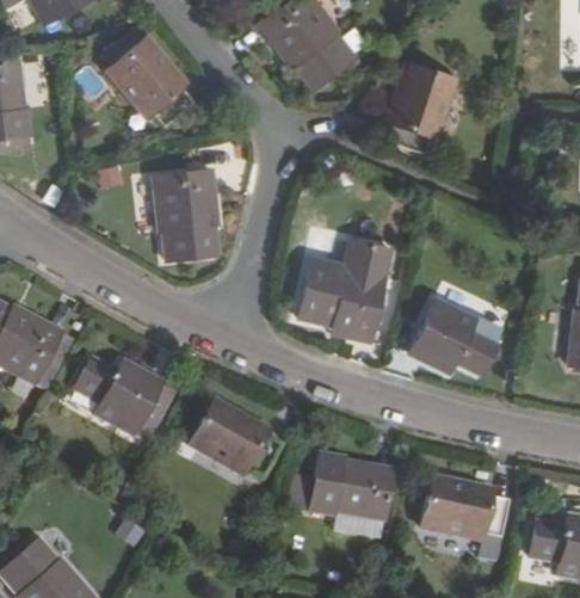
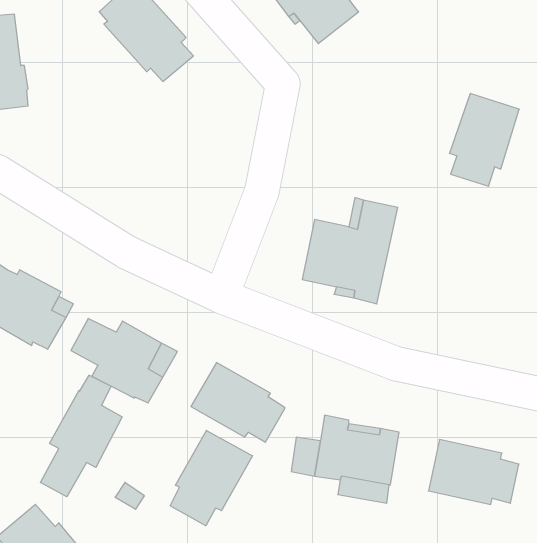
building: [384,63,452,154] -> [449,93,519,186]
building: [153,169,216,261] -> none
building: [408,297,498,375] -> none
building: none -> [40,375,122,497]
building: none -> [170,430,253,526]

